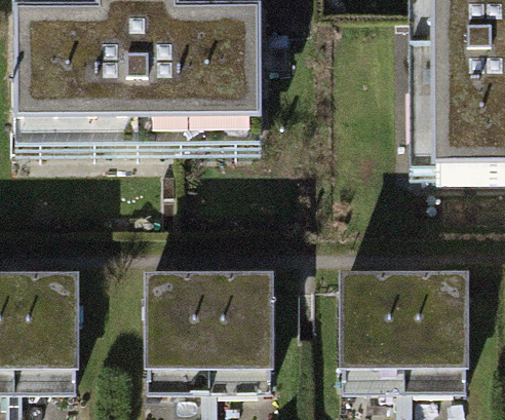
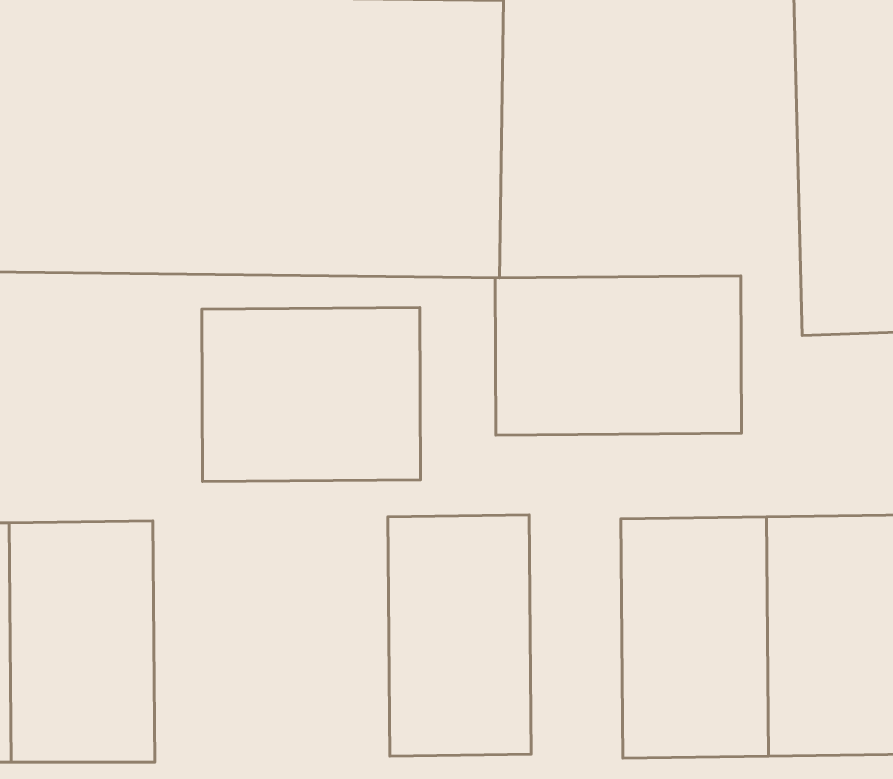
building: none -> [495,276,741,435]
building: none -> [202,307,421,482]
building: [124,269,205,393] -> none

